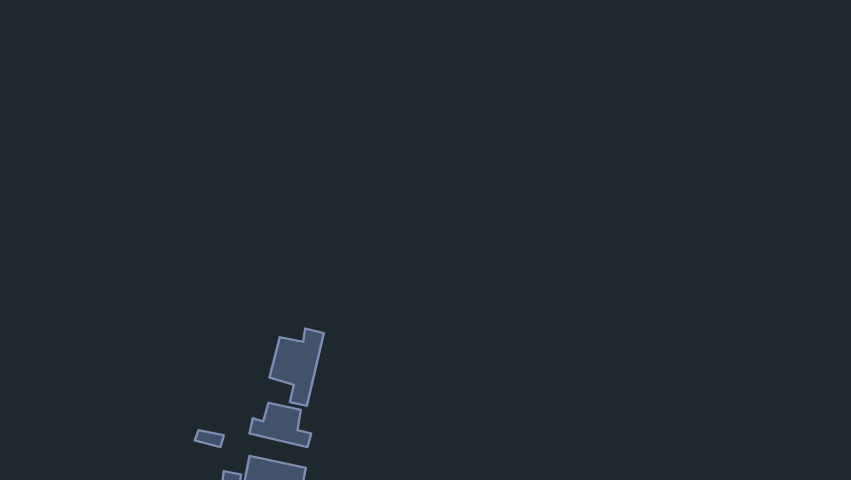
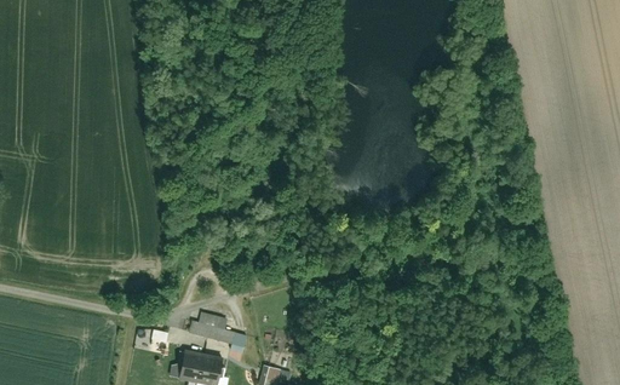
building: [269,328,324,406] -> none

